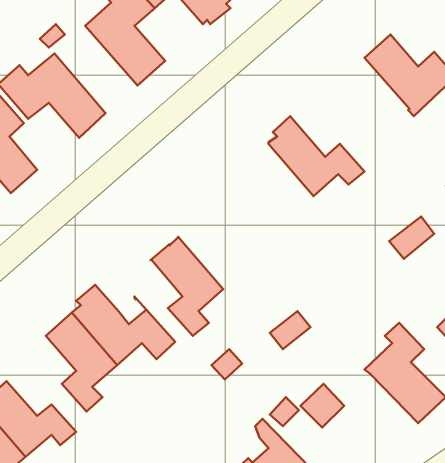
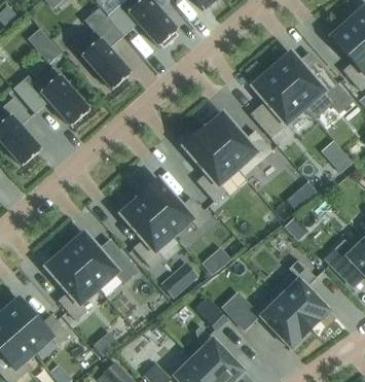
building: none -> [251,69,304,136]
building: none -> [185,128,236,200]
building: none -> [140,179,209,233]
building: none -> [257,292,311,347]

